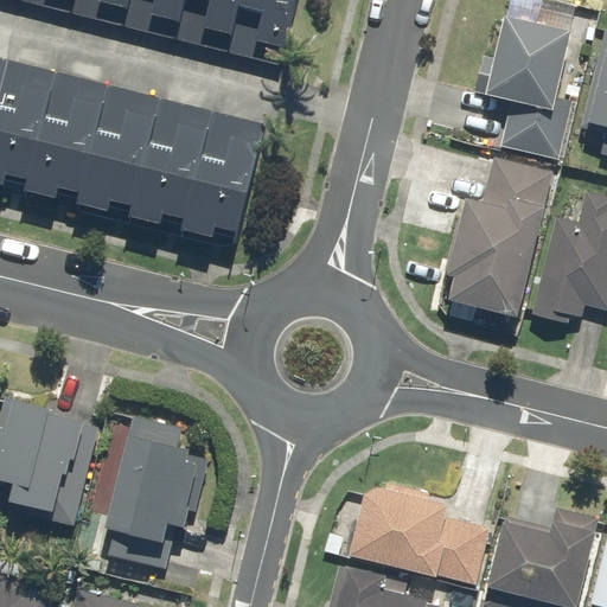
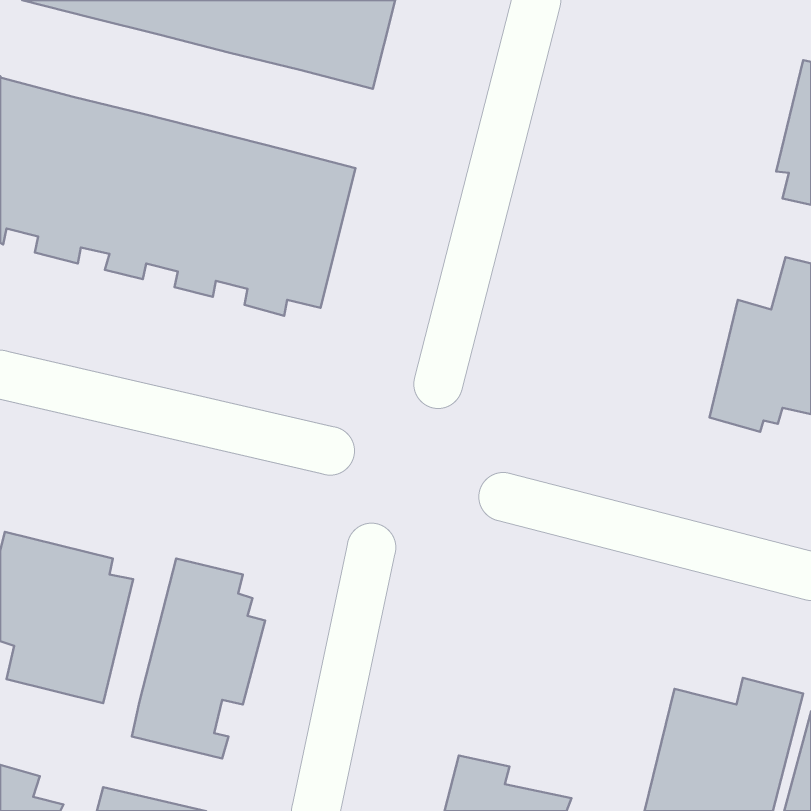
building: [483,14,582,160] -> none
building: [445,156,552,317] -> none
building: [346,481,491,584] -> none

